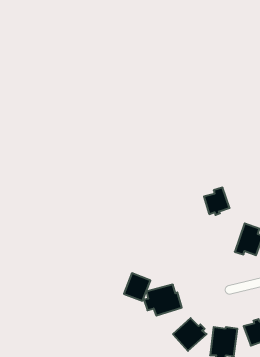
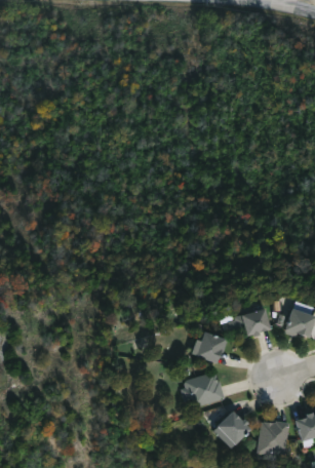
building: [204,188,230,215] -> [243,305,273,337]
building: [124,273,150,301] -> [197,332,228,363]

